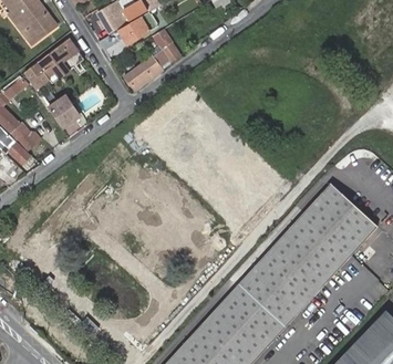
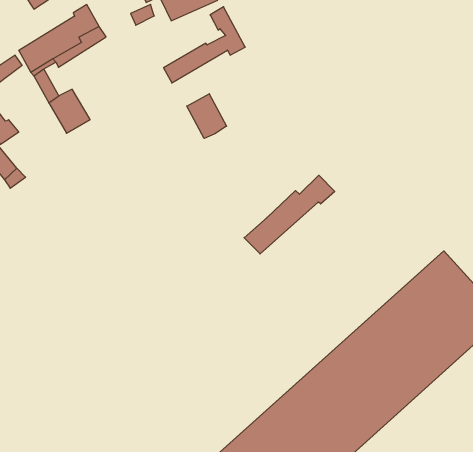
building: none -> [187,94,227,138]
building: none -> [244,175,335,254]

